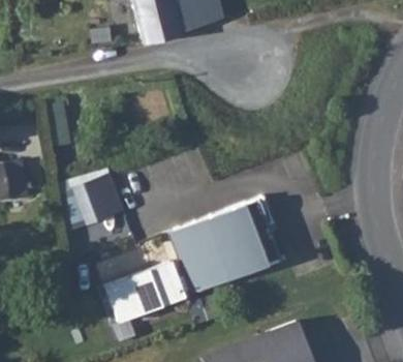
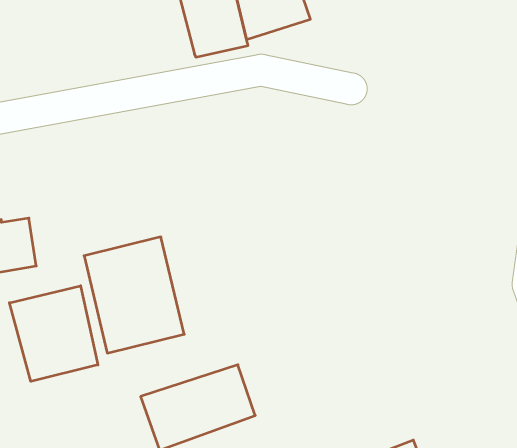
building: [176,194,283,290] -> none
building: none -> [9,286,98,381]

